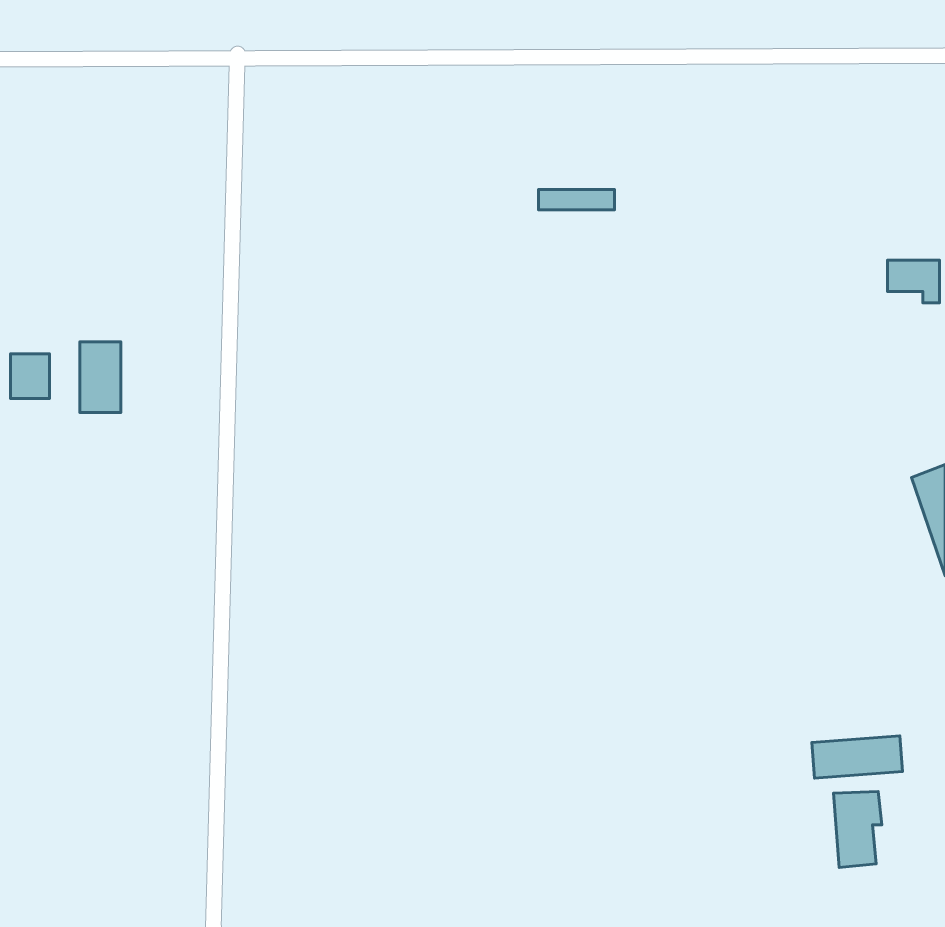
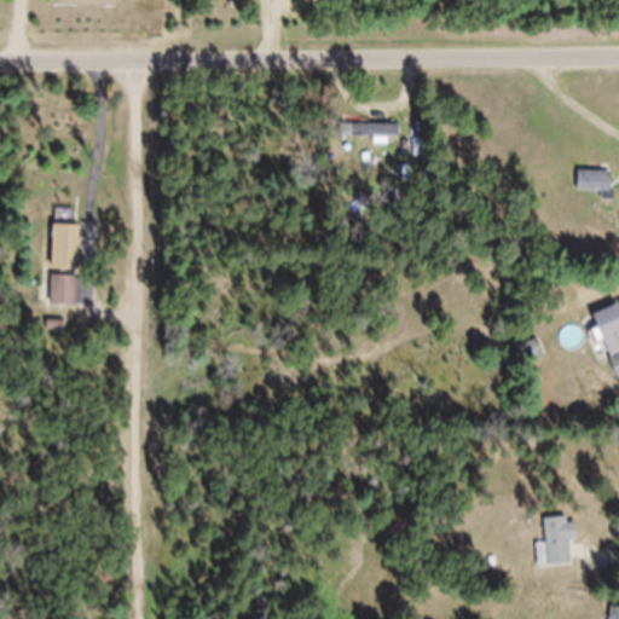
building: [11,354,50,398] -> [51,274,76,303]
building: [812,736,903,778] -> none

